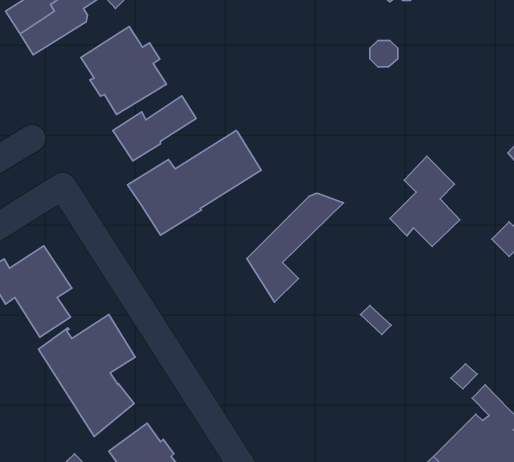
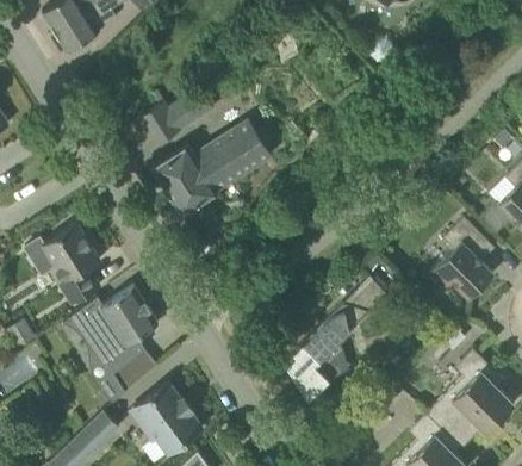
building: [81,26,166,115] -> none
building: [390,156,460,246] -> [429,218,492,299]
building: [247,194,343,302] -> [282,305,369,403]

